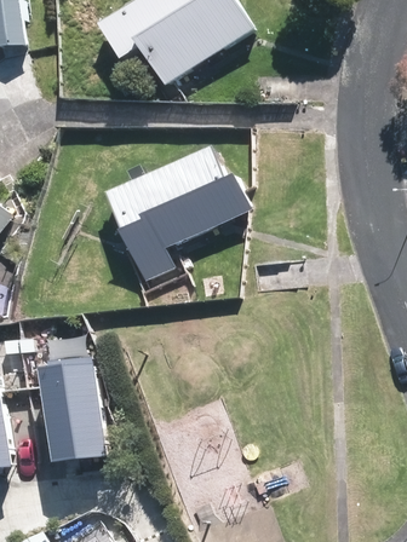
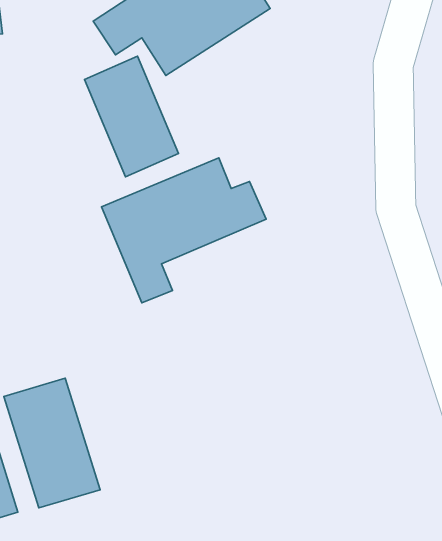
building: none -> [84,56,179,177]

